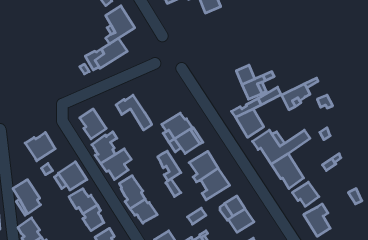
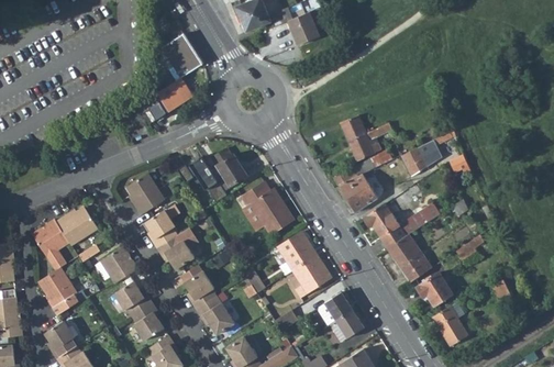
building: none -> [210,147,246,190]
building: none -> [31,219,68,270]
building: [158,151,181,181] -> none

